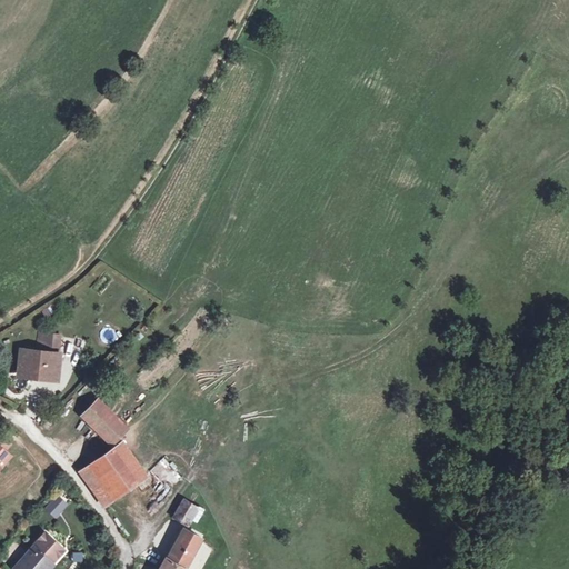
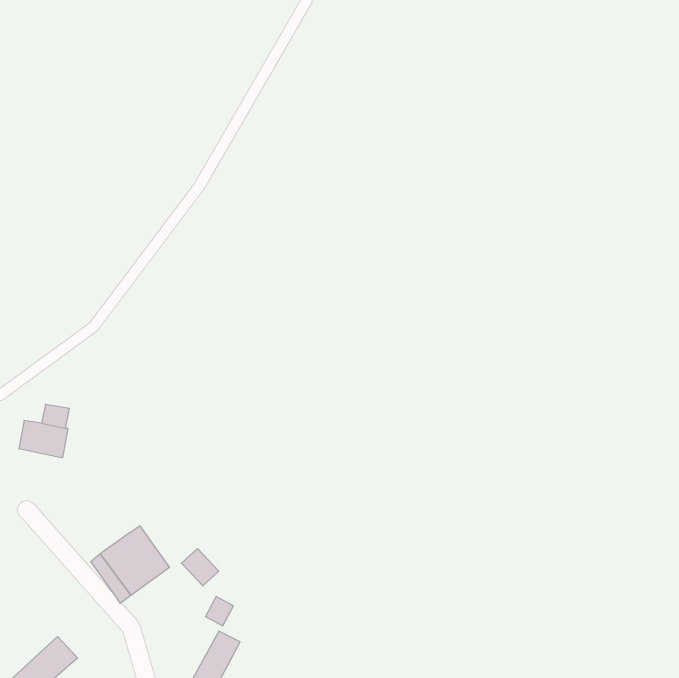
building: [79,398,120,439] -> none

